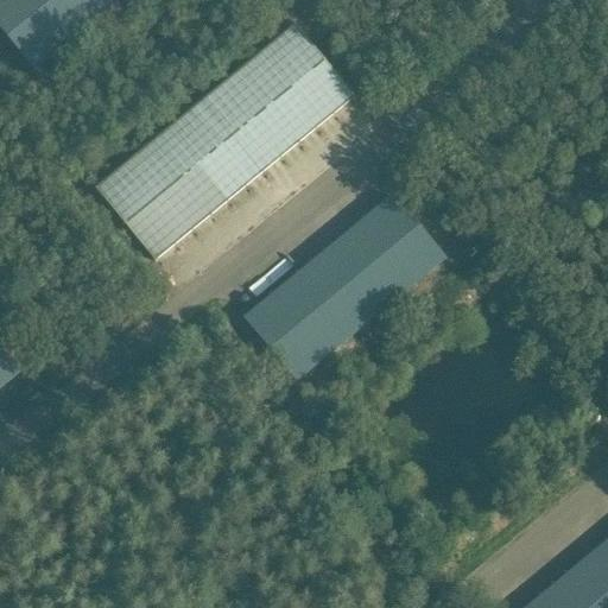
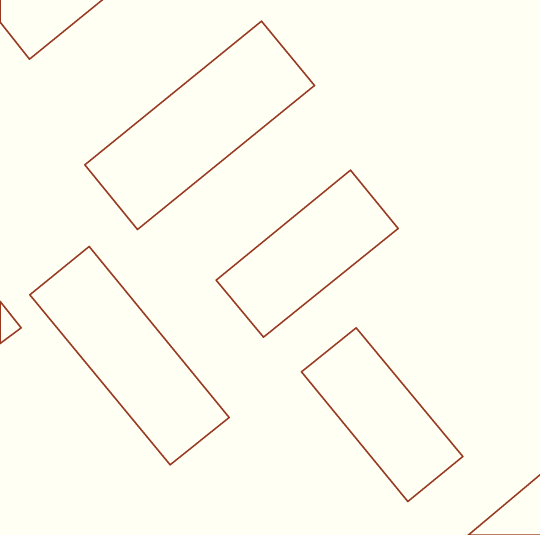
building: none -> [30,246,229,465]
building: none -> [301,328,463,501]

